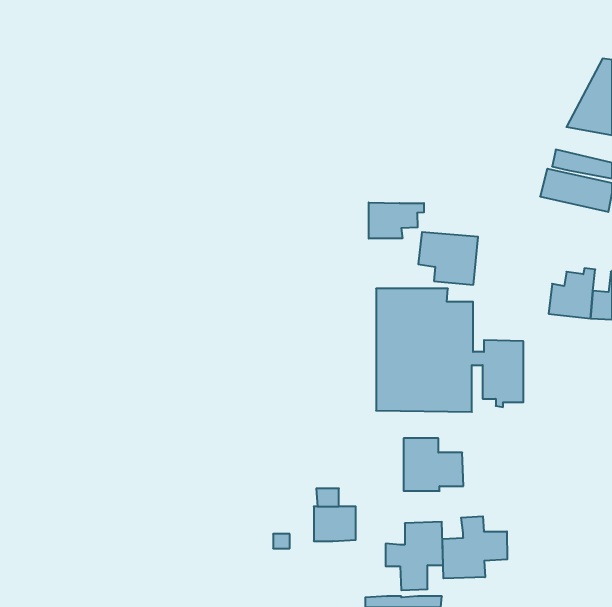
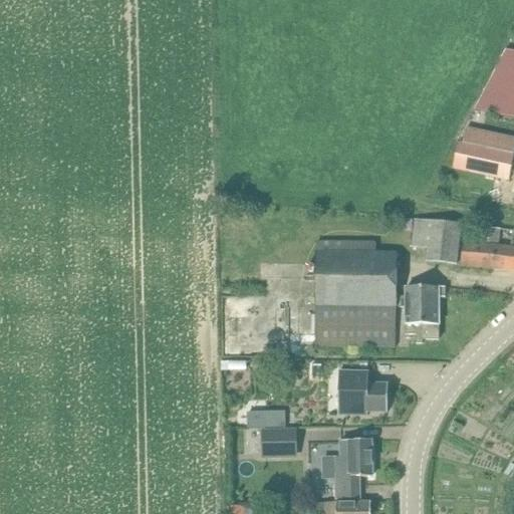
building: [369,202,424,239] -> none
building: [418,232,478,285] -> [412,217,462,261]
building: [443,516,507,578] -> none

